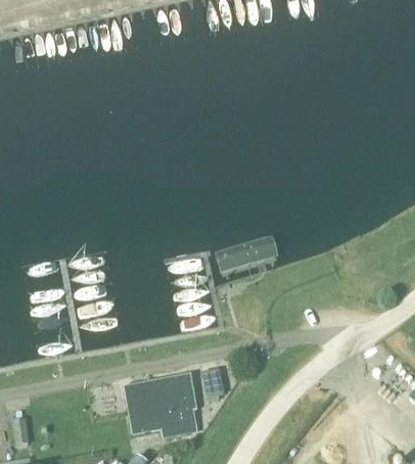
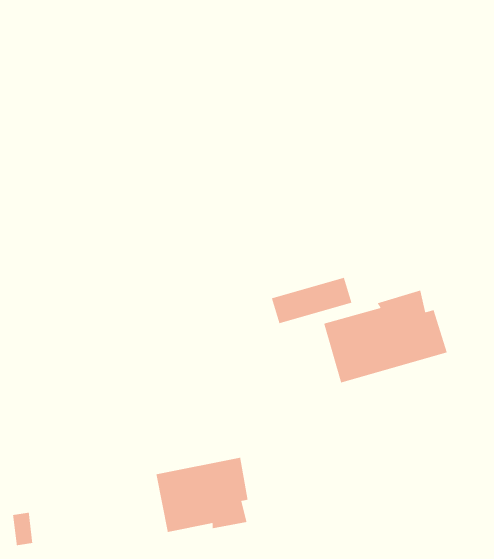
building: none -> [323,289,448,384]

